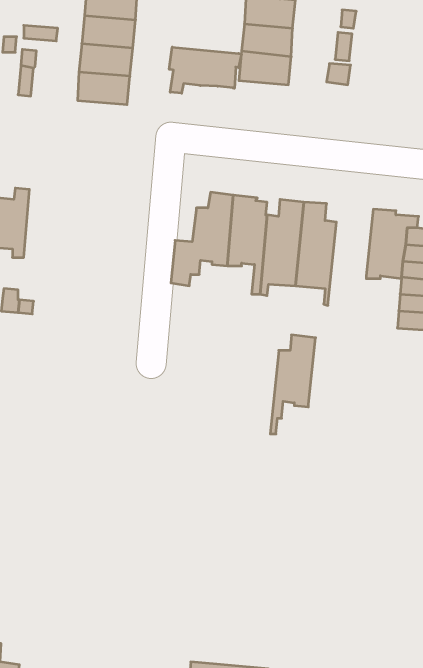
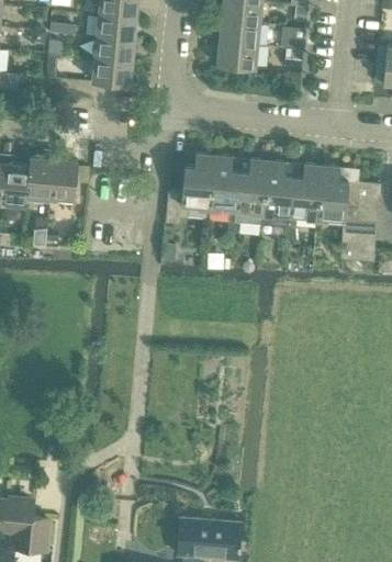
building: [169,47,241,93] -> none
building: none -> [49,150,78,204]
building: [270,335,316,434] -> [285,164,321,240]

